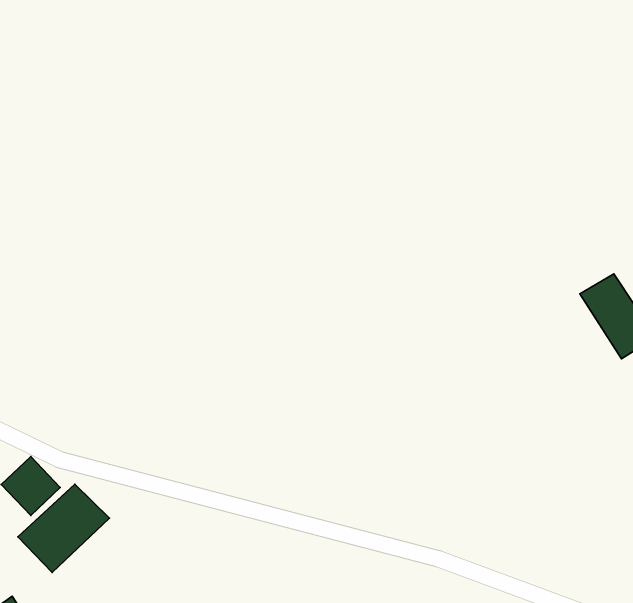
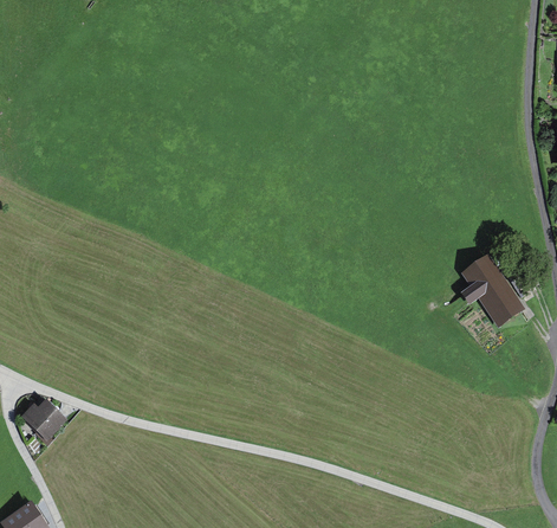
building: [18,484,109,573] -> none

